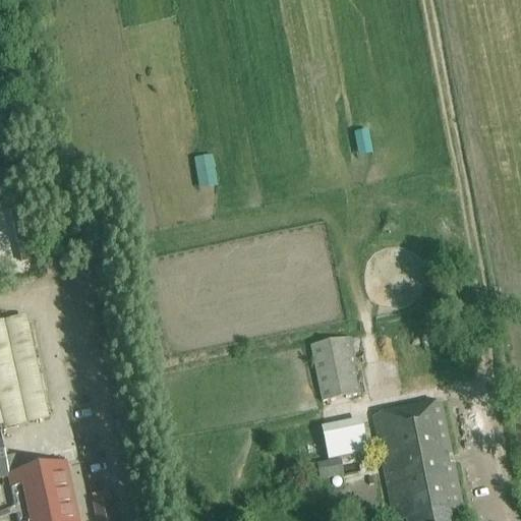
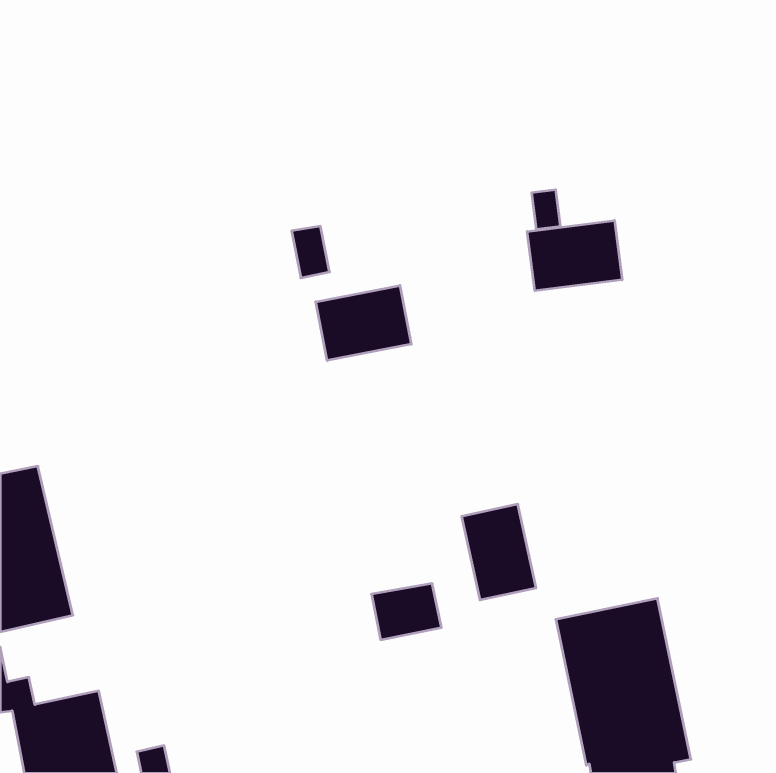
building: none -> [527,220,622,291]
building: none -> [316,285,411,361]
building: [321,423,367,461] -> [371,584,441,640]

